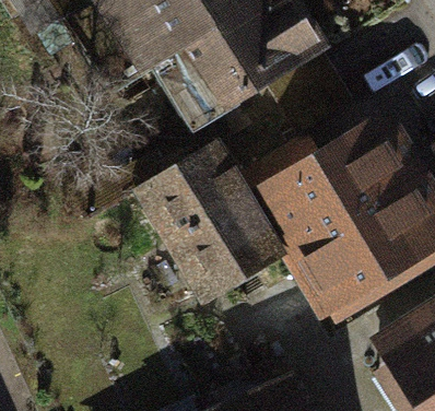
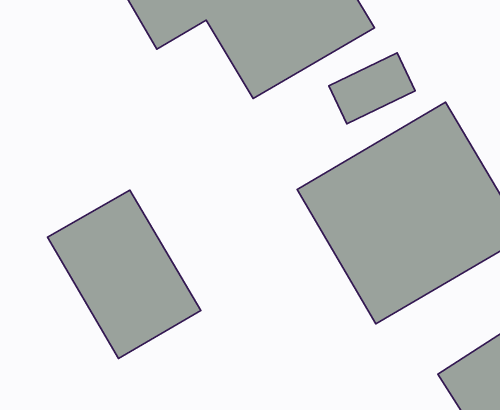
building: [144,149,277,294] -> [48,190,201,358]

